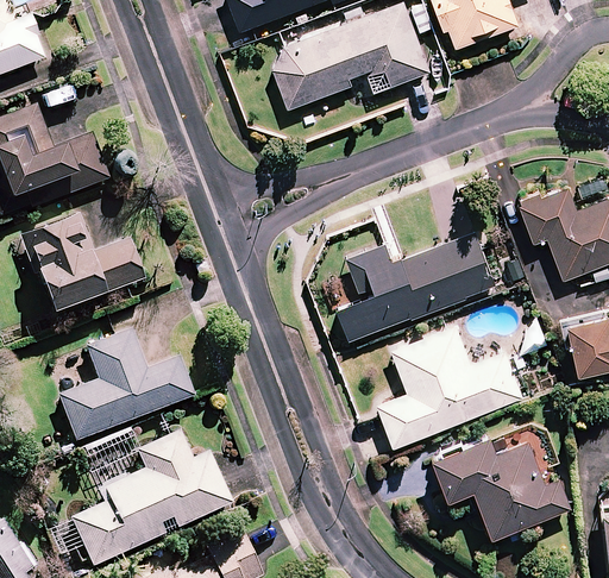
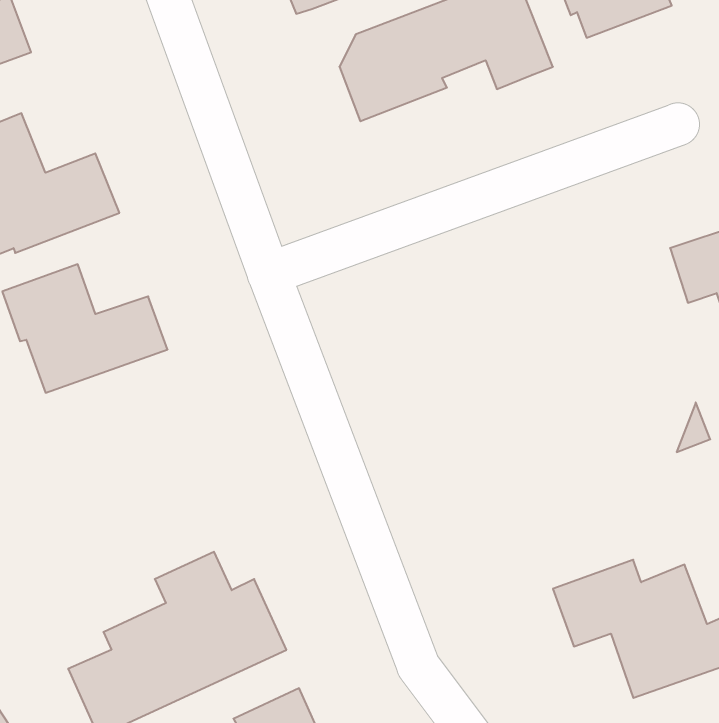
building: [332,233,496,345] -> none
building: [376,326,523,447] -> none
building: [57,328,194,441] -> none

